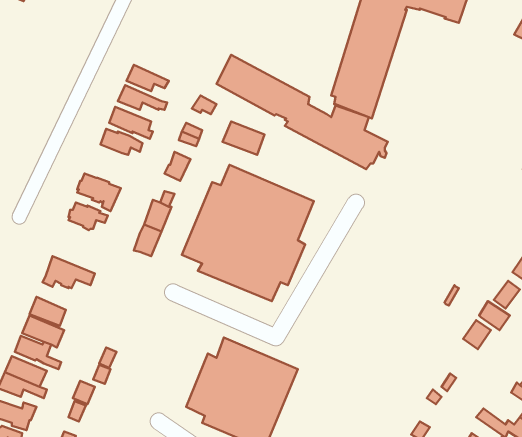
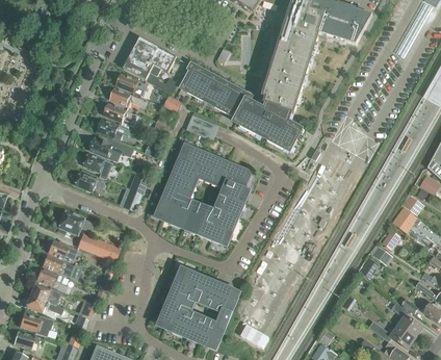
building: none -> [128,41,176,92]
building: none -> [89,131,132,156]
building: none -> [77,232,119,261]

